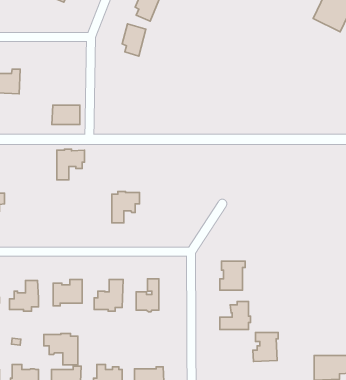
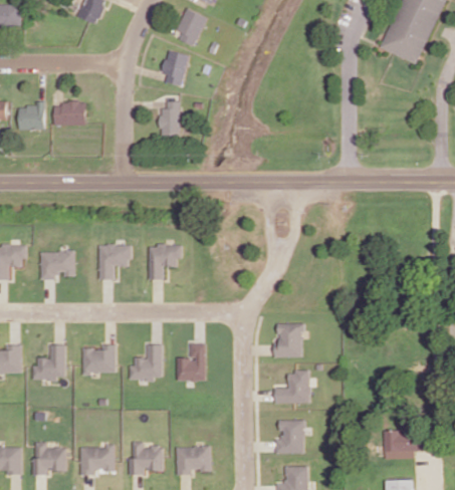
building: none -> [161,101,182,137]
building: [52,105,80,124] -> [53,103,85,126]
building: [57,149,85,180] -> [99,244,132,279]
building: none -> [41,250,74,279]
building: [253,333,278,361] -> [275,420,304,453]
building: [44,334,78,365] -> none

